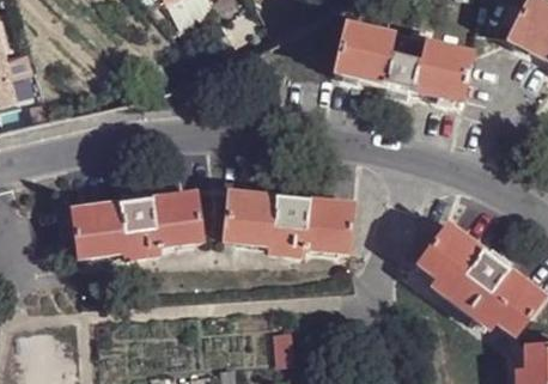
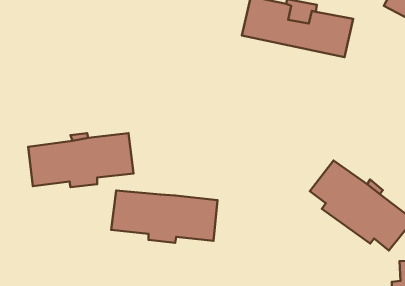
building: [223,191,352,255] -> [111,190,218,243]

